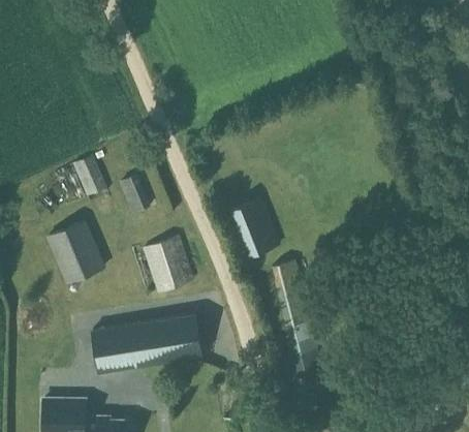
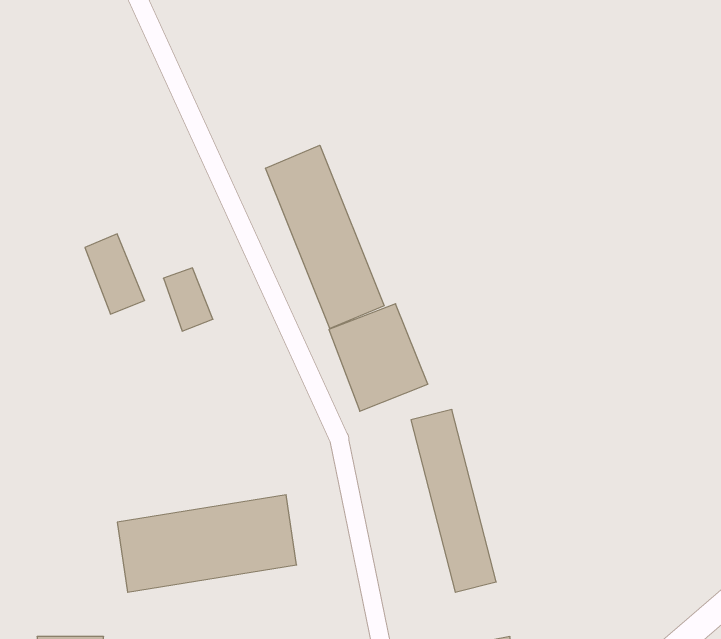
building: none -> [266,145,384,329]
building: [45,219,107,285] -> none
building: [143,236,194,295] -> none

